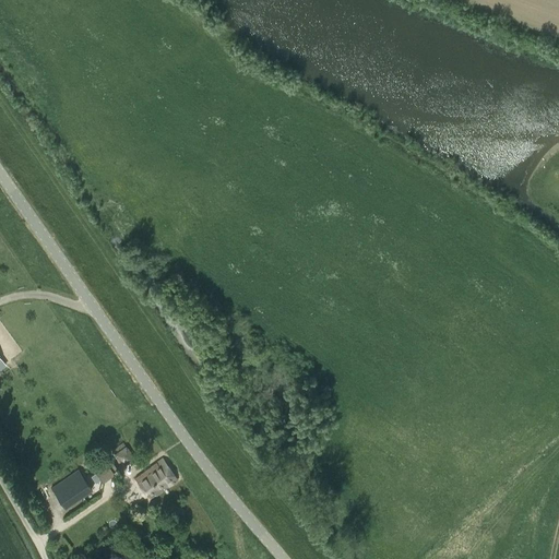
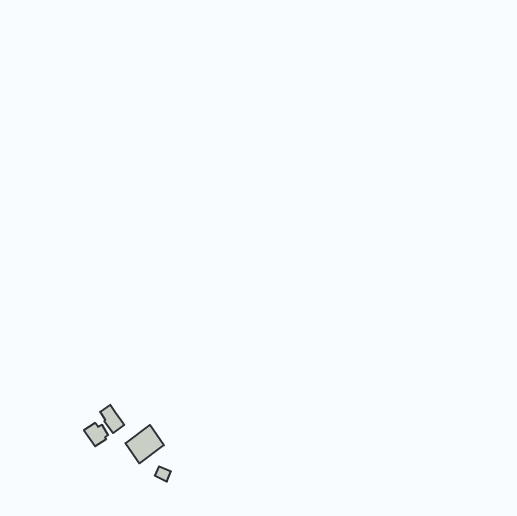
building: [50,469,93,509] -> none

